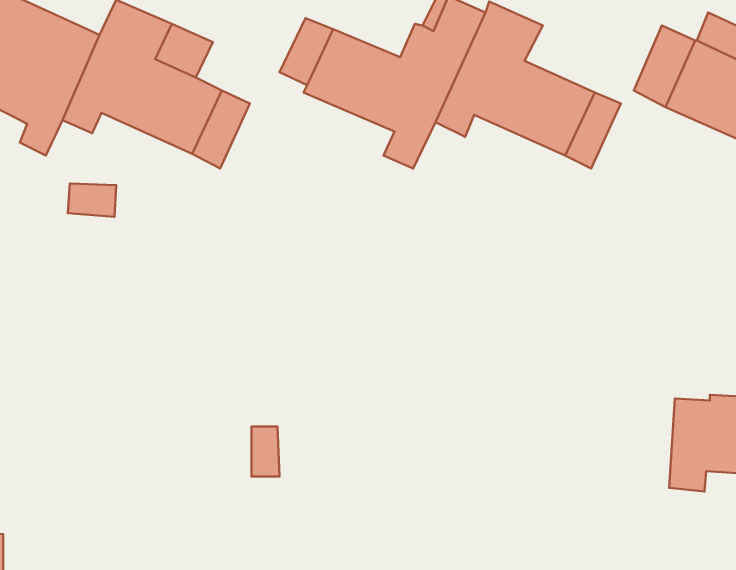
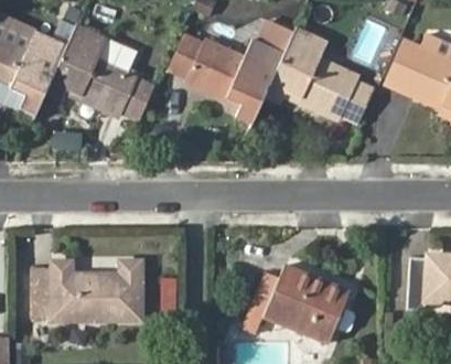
building: none -> [32,259,143,319]
building: none -> [241,265,351,344]

